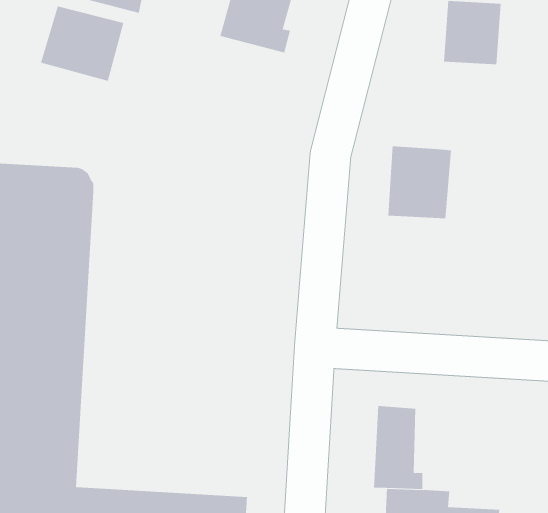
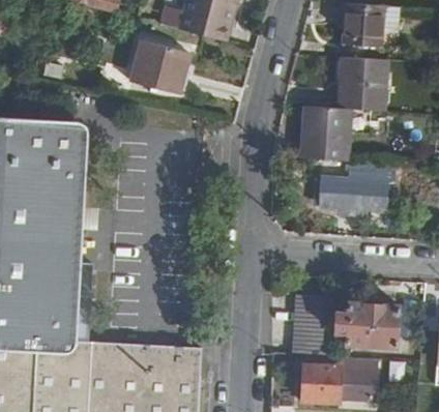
building: [40,6,124,81] -> [130,38,192,93]
building: none -> [338,58,386,112]
building: none -> [319,161,392,211]
building: none -> [332,303,399,350]

